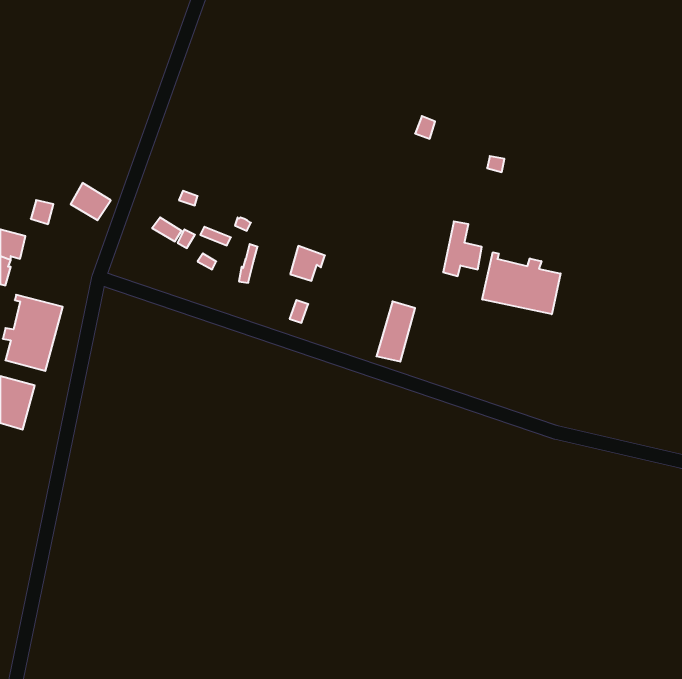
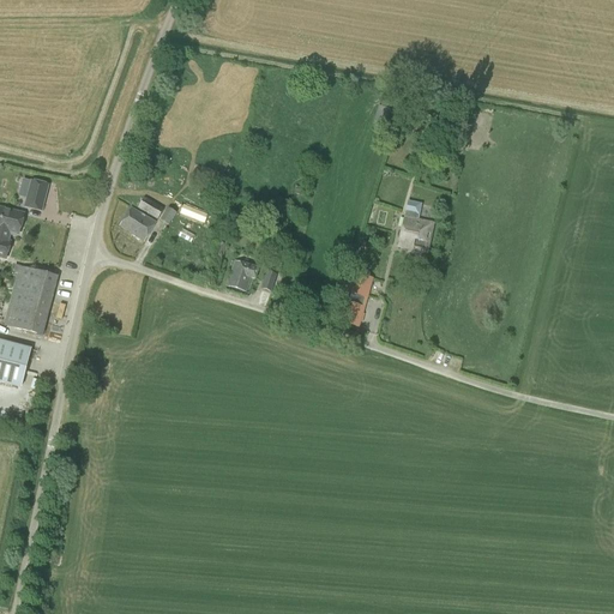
building: [71,183,111,220] -> [120,206,156,240]
building: [290,246,325,281] -> [227,259,258,290]
building: [482,252,561,314] -> none

